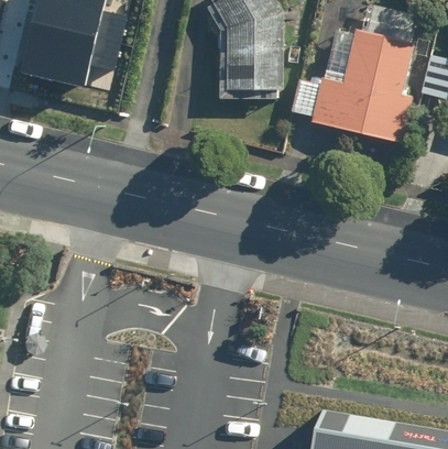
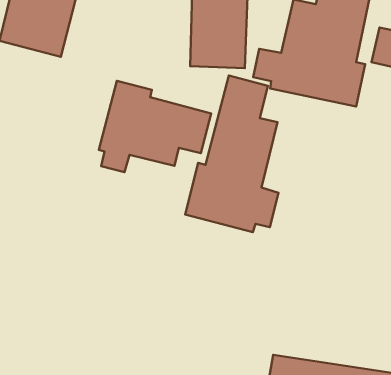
building: none -> [185,75,279,232]
building: none -> [99,81,211,172]

